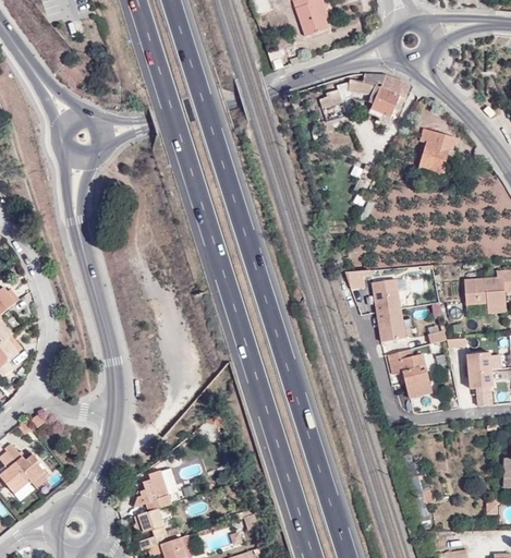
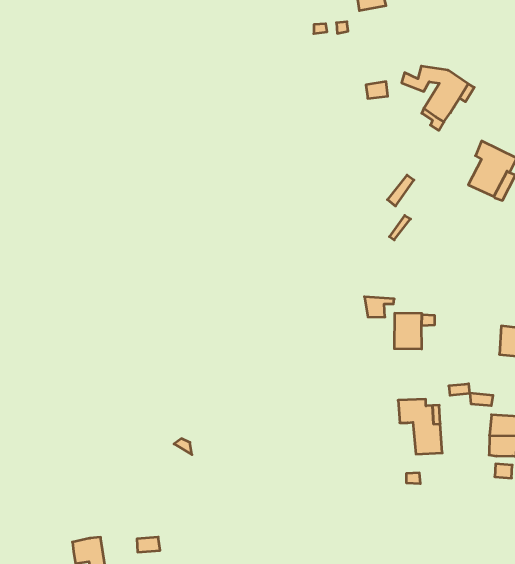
building: [377,308,405,342] -> none
building: [133,470,170,509] -> none

